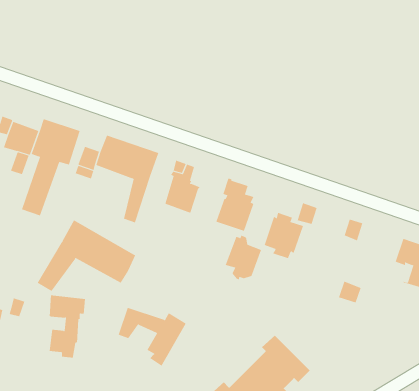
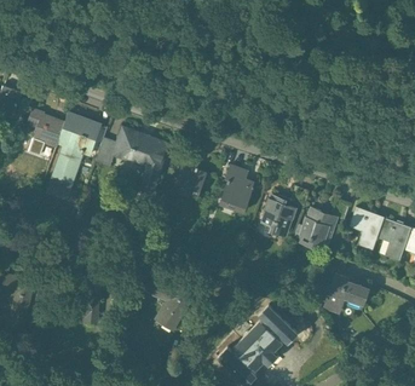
building: [37,220,136,292] -> none
building: none -> [348,207,384,250]
building: [225,235,262,280] -> [301,209,334,249]
building: none -> [323,276,369,312]

